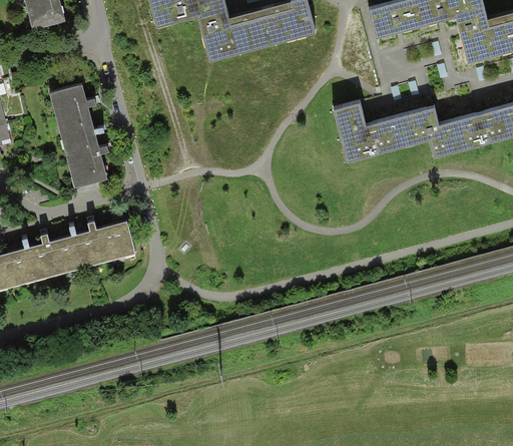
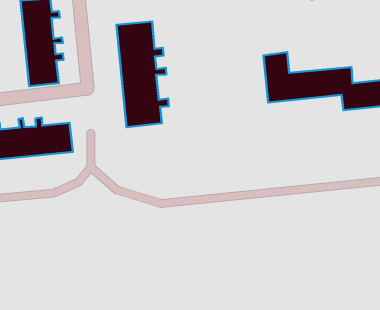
building: none -> [116,22,169,127]

